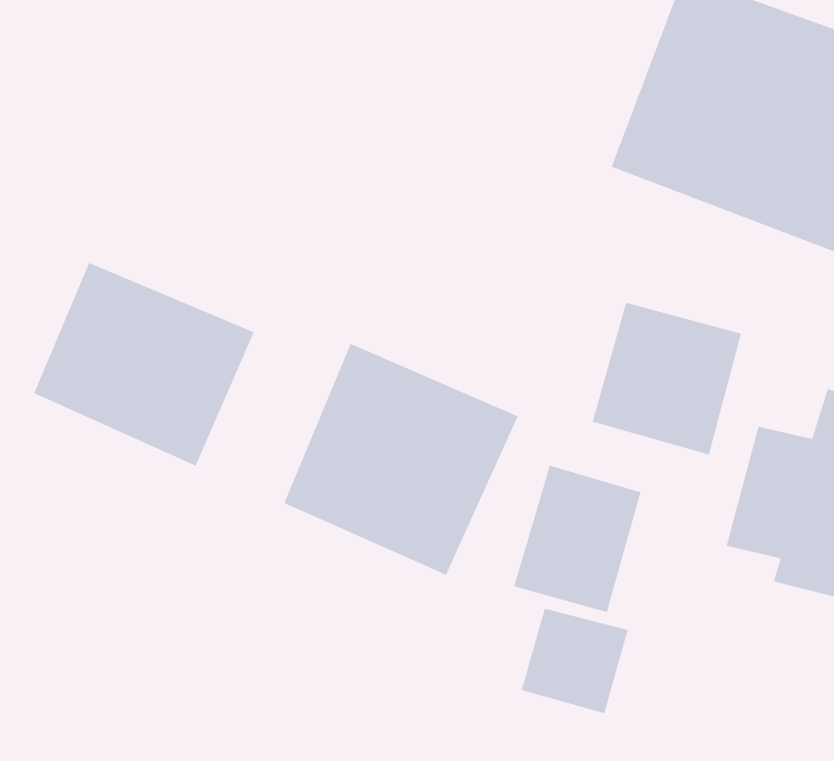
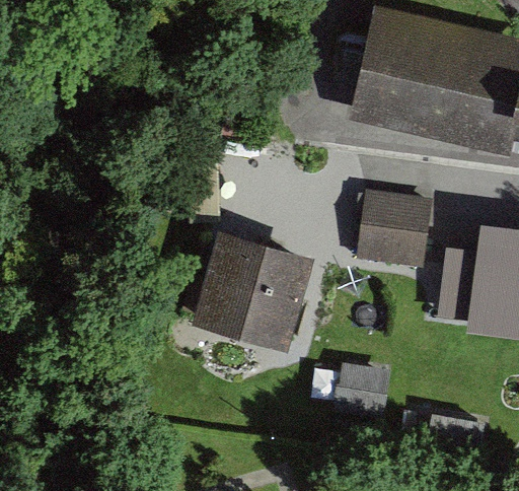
building: [34,262,254,466] -> none
building: [513,465,641,613] -> none

